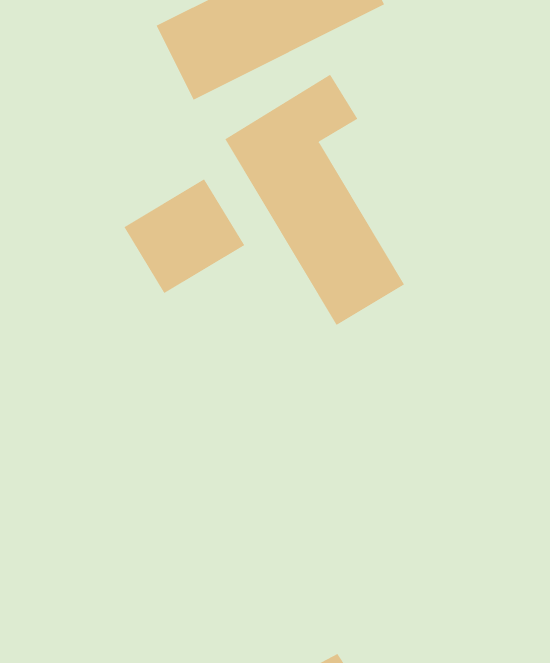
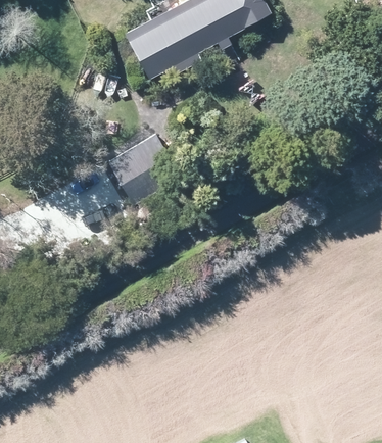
building: [225,74,405,326] -> none

